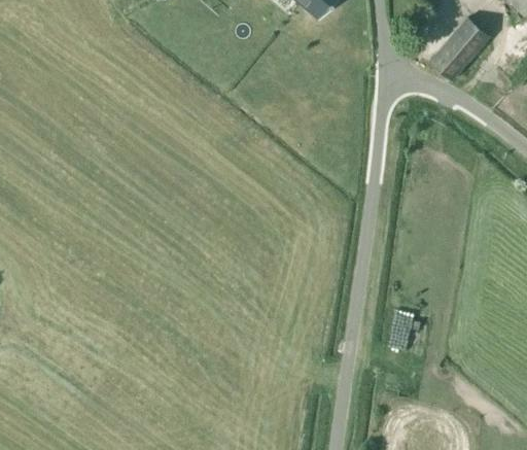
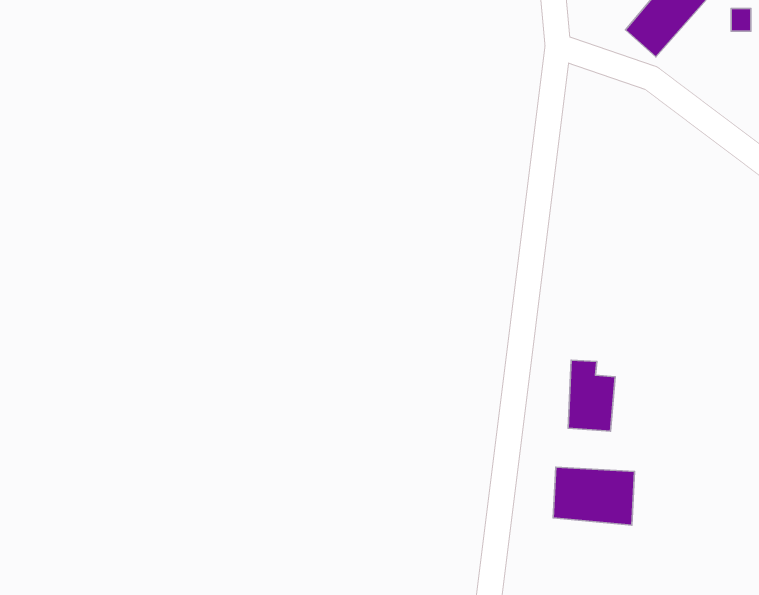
building: none -> [553,467,634,525]

